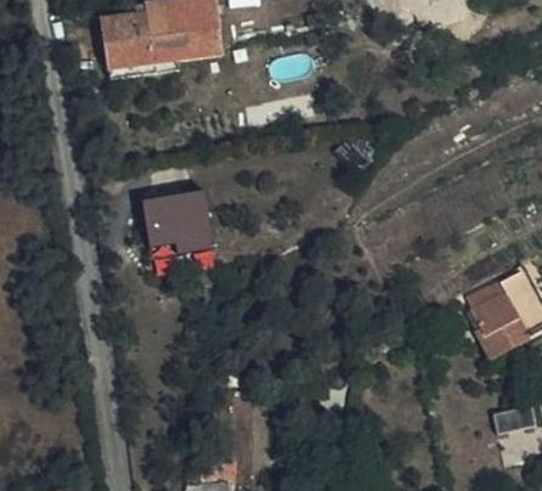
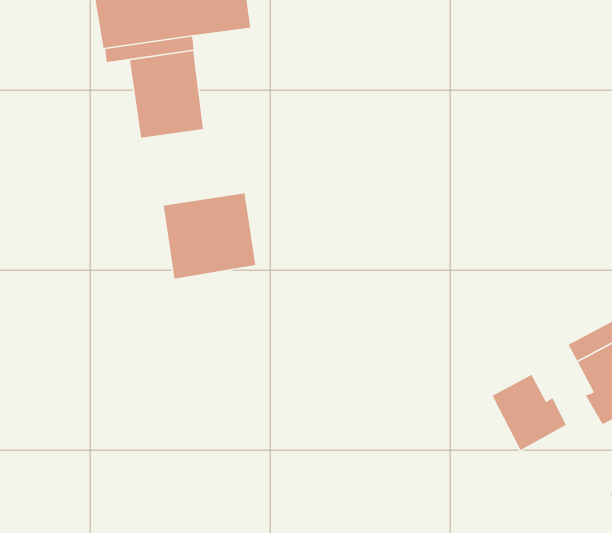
building: none -> [129,50,204,139]
building: none -> [491,374,567,451]

